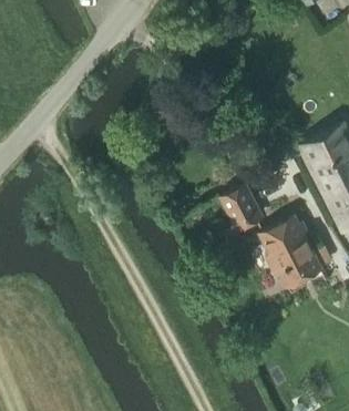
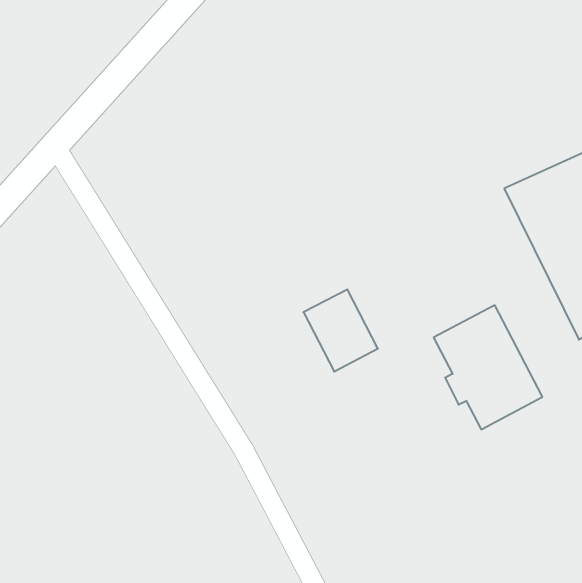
building: [219,183,263,230] -> [303,289,378,372]

